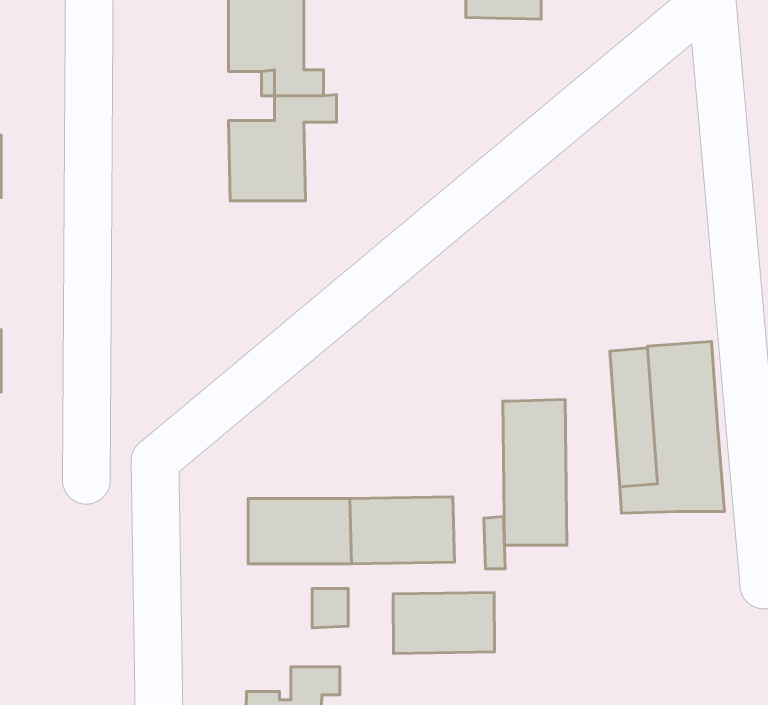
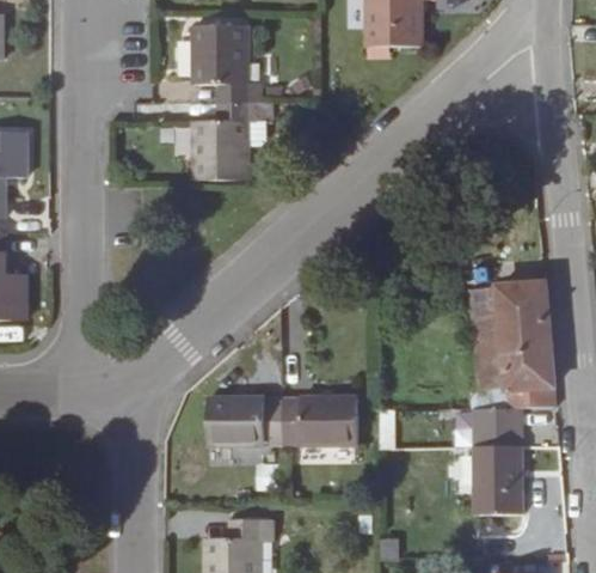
building: [503,400,567,545] -> [474,406,521,512]
building: [393,592,494,654] -> none

